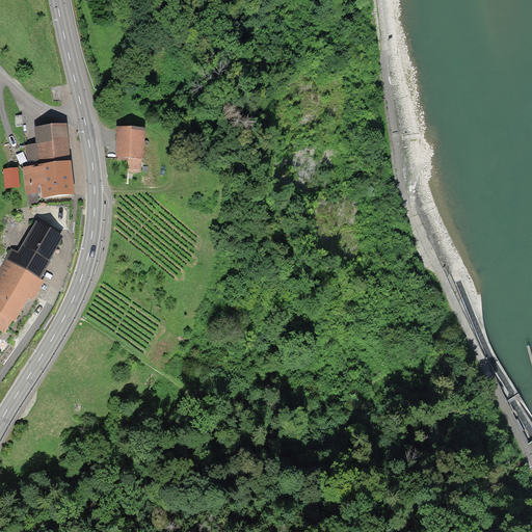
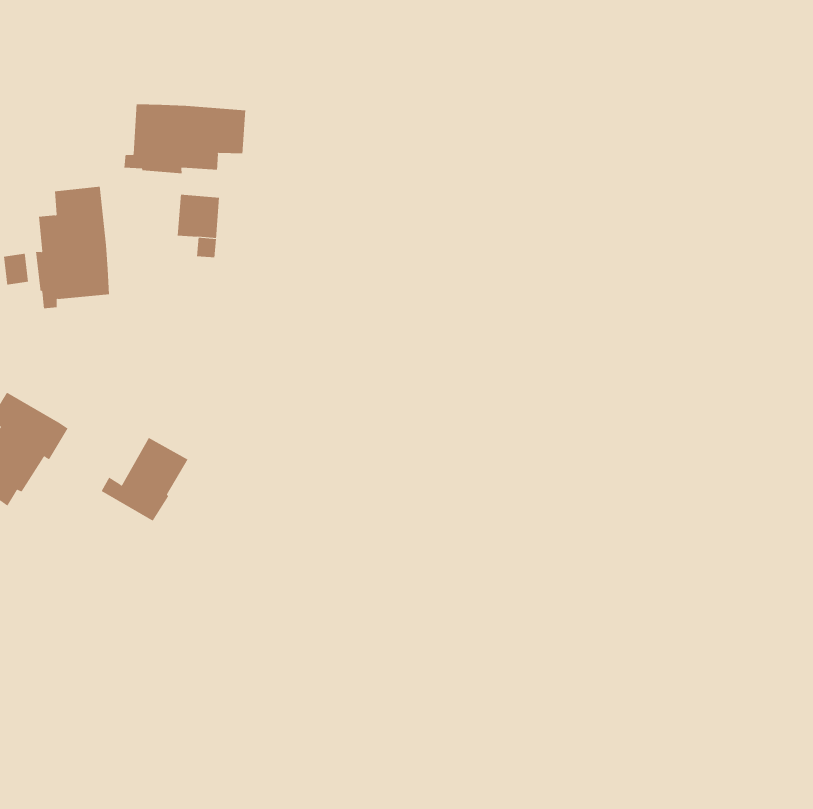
building: none -> [124,103,246,174]
building: [4,220,61,275] -> [101,437,188,522]

